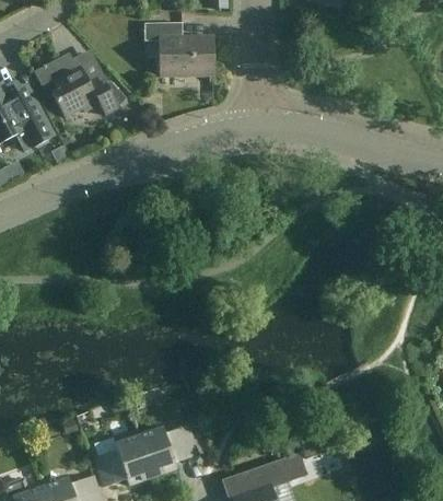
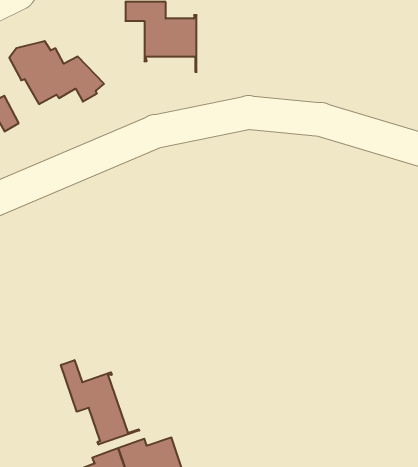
building: none -> [61,360,139,445]

